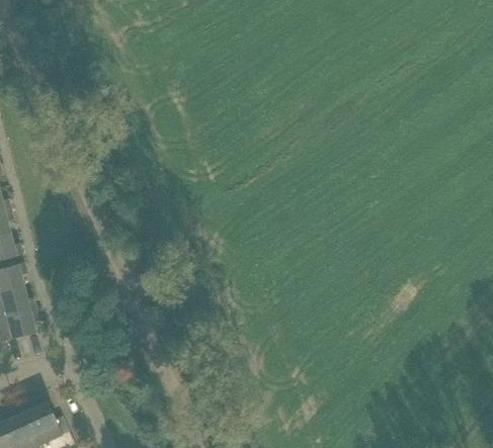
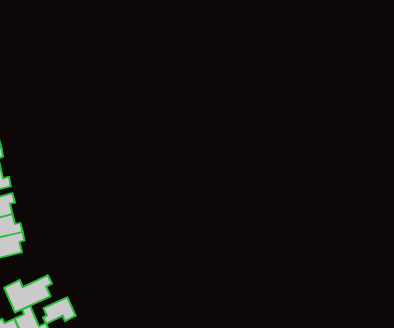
building: none -> [4,275,52,313]
building: none -> [43,297,76,324]

